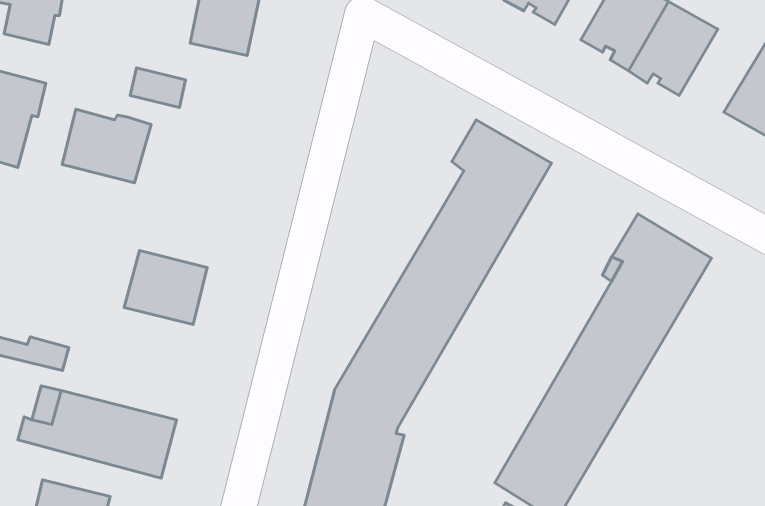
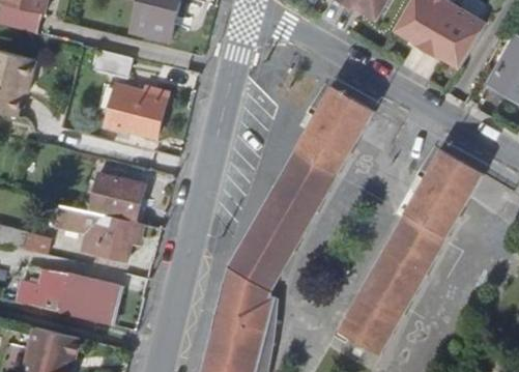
building: [62,109,151,183] -> [105,88,165,138]
building: none -> [56,203,133,260]

